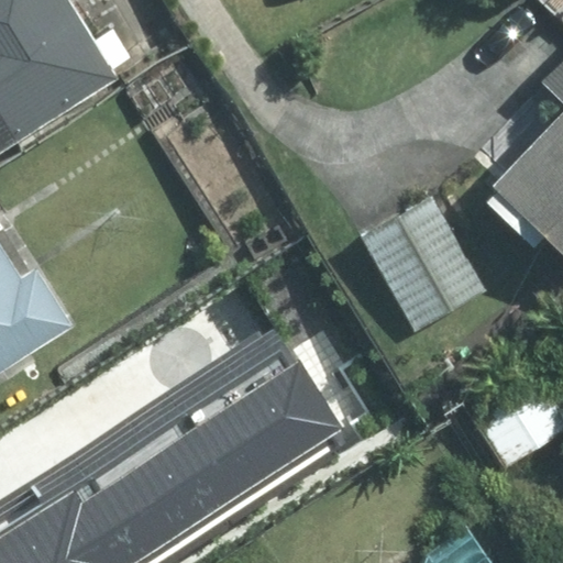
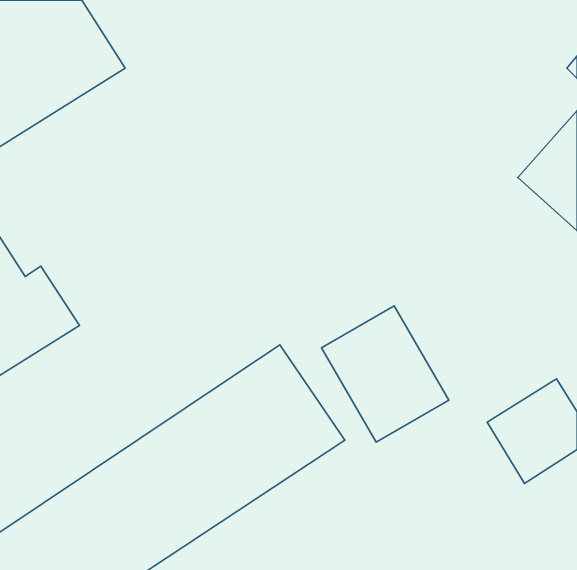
building: [363,201,486,333] -> [321,306,449,442]

